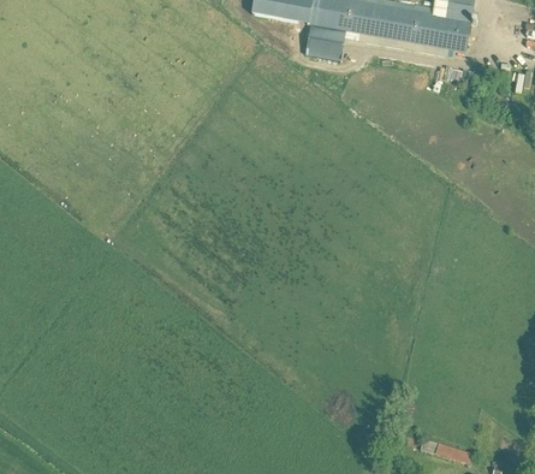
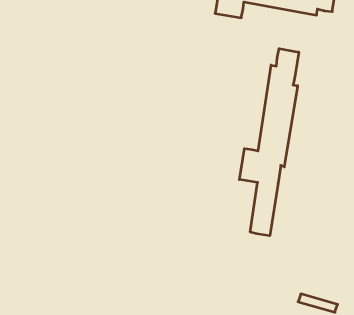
building: none -> [239,49,299,236]

